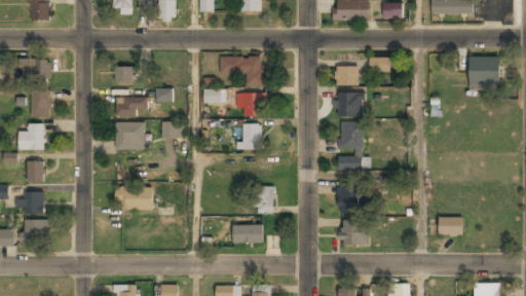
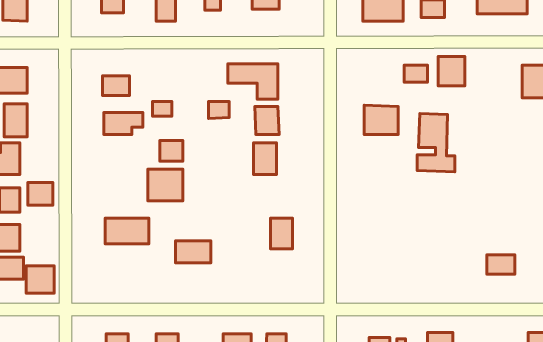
building: none -> [438,56,465,86]
building: [335,66,358,85] -> none
building: [338,121,370,171] -> [417,113,455,172]
building: [115,123,145,150] -> [148,169,183,201]
building: none -> [28,182,53,205]
building: [340,187,358,212] -> none
building: [340,221,368,245] -> none
building: [232,225,262,244] -> [176,241,211,263]
building: none -> [26,266,54,293]

